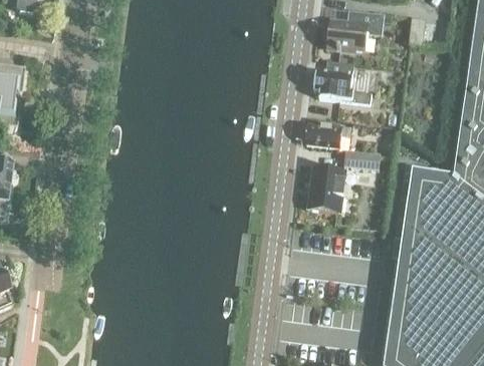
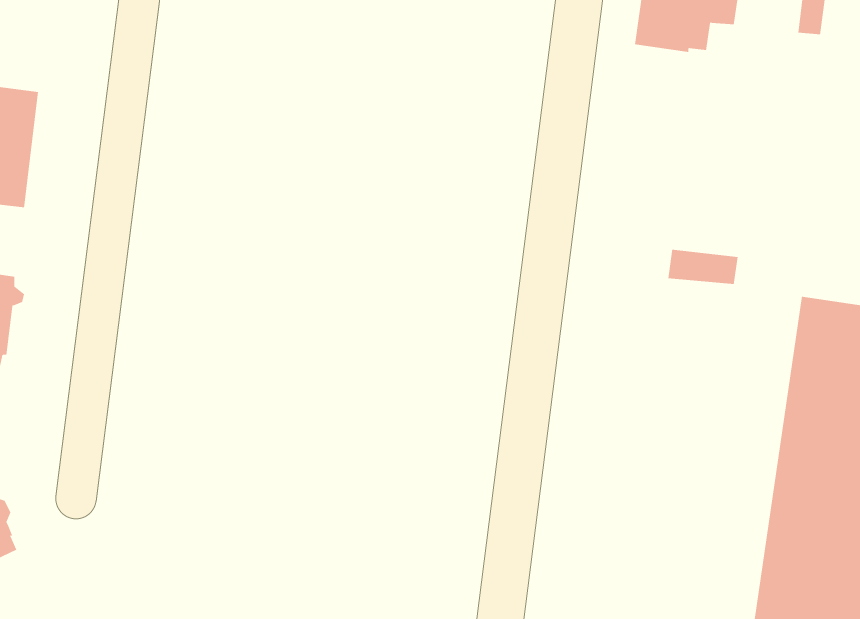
building: [314,56,372,100] -> none
building: [308,121,341,145] -> none
building: [308,163,347,211] -> none

